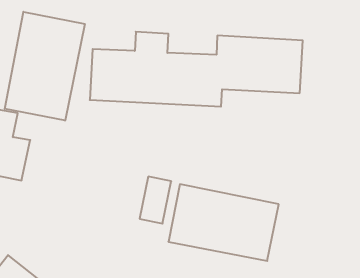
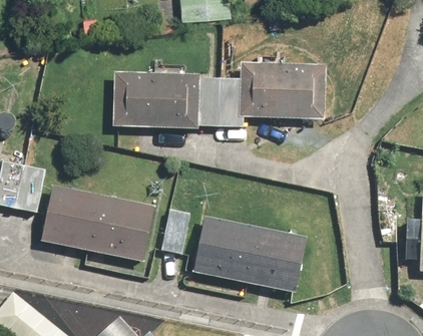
building: [5,12,85,121] -> none
building: none -> [40,184,152,263]

